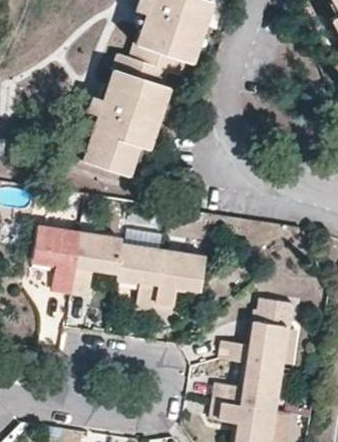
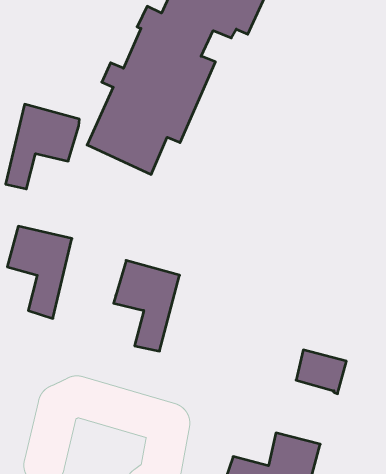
building: [71,233,121,296] -> [6,104,79,189]
building: [153,252,204,314] -> none
building: [219,320,287,367] -> none

